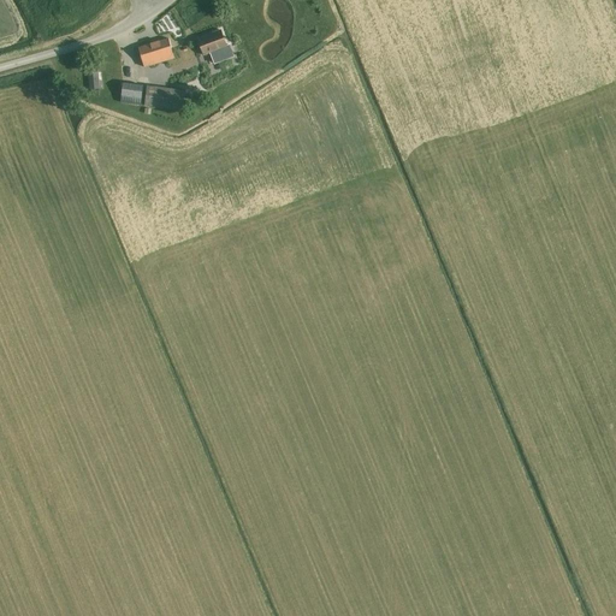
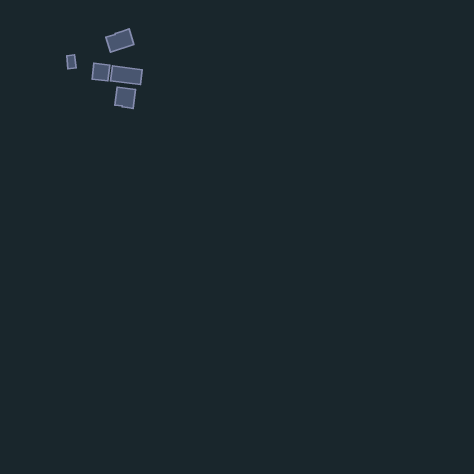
building: [197,29,232,63] -> none
building: none -> [115,87,135,109]

